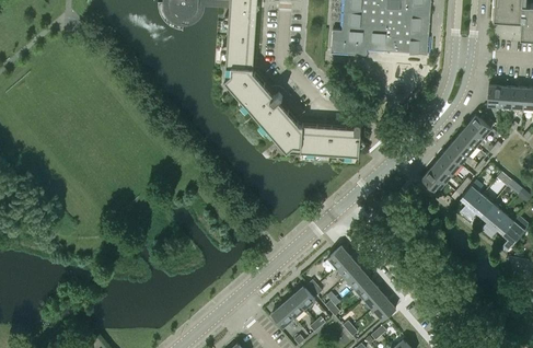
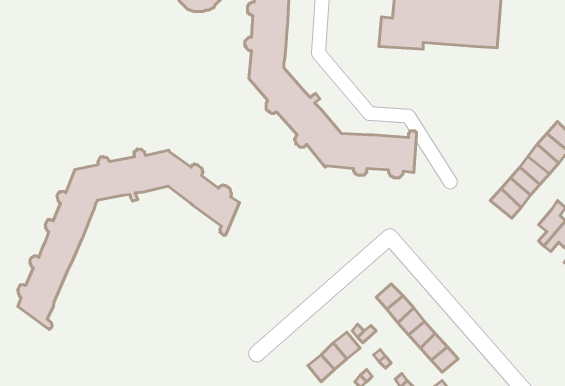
building: none -> [18,149,239,329]

